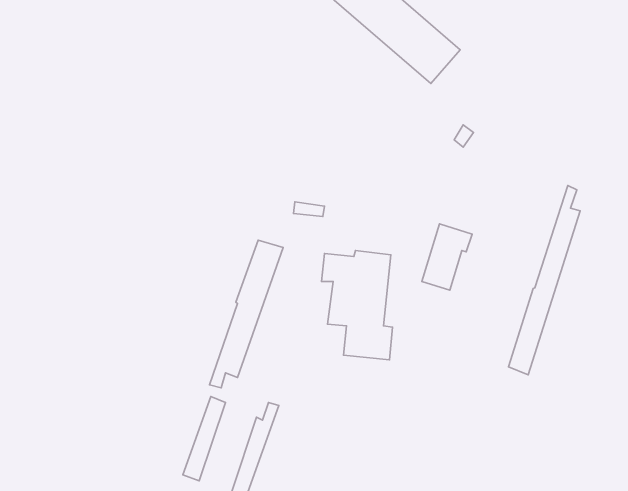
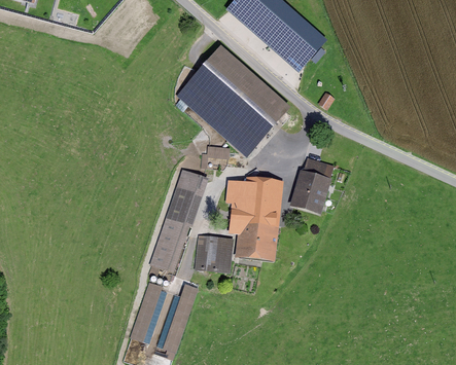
building: none -> [181,51,279,151]
building: [508,186,580,375] -> none
building: none -> [195,236,231,271]

